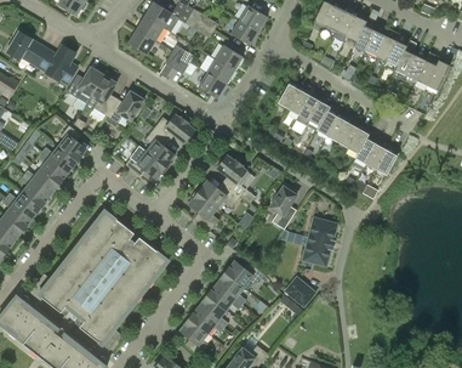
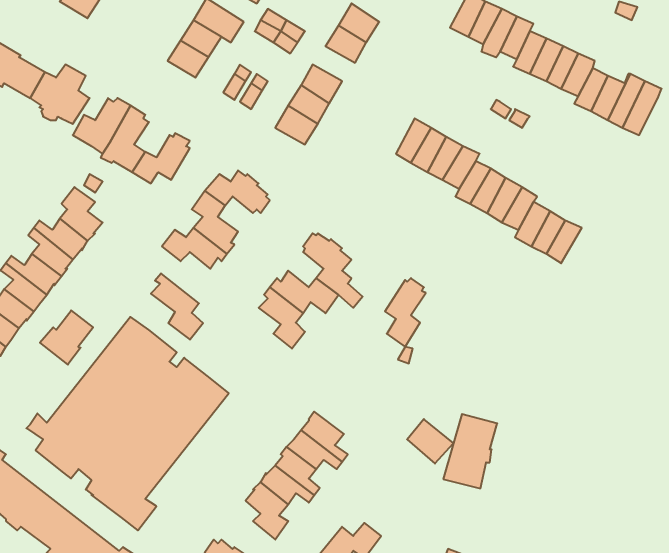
building: none -> [151,273,203,340]
building: none -> [40,310,93,365]
building: [302,217,337,266] -> [443,414,497,488]
building: [224,261,263,287] -> none

